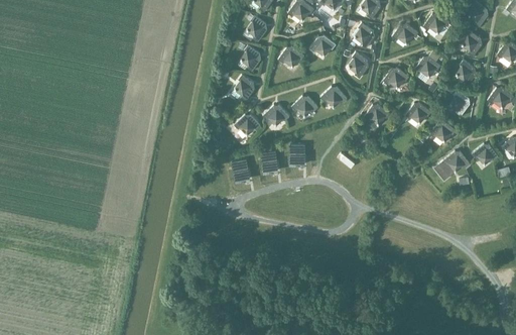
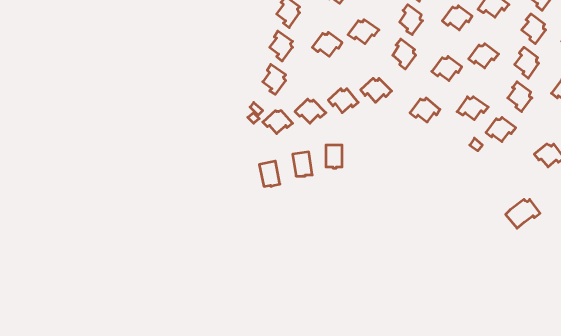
building: [439,151,470,177] -> [506,199,540,228]

